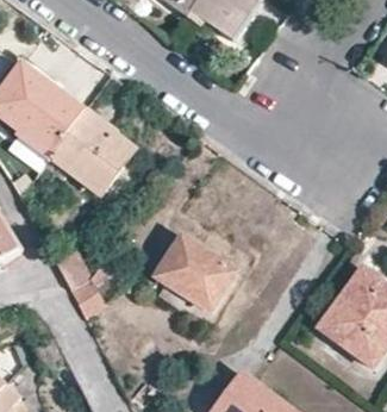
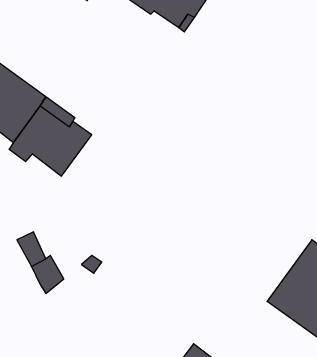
building: [157,236,236,311] -> none

